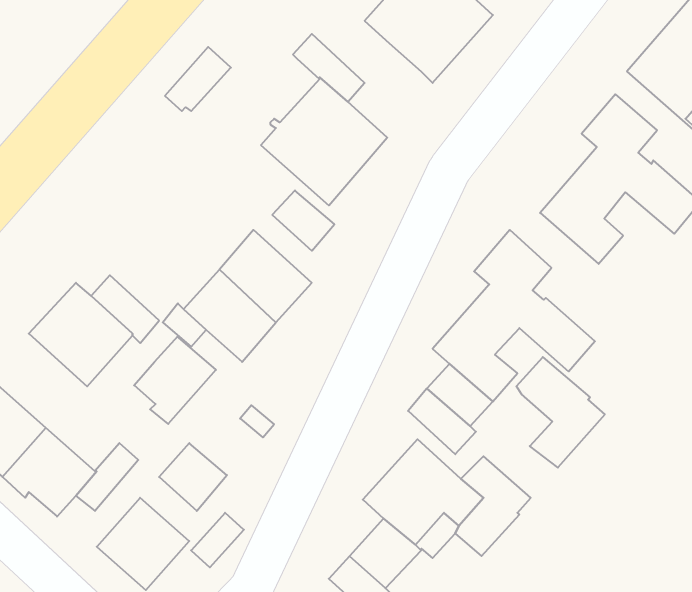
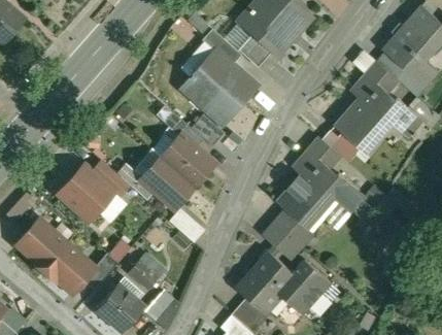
building: none -> [239,34,272,66]
building: [165,47,231,111] -> [180,42,216,77]
building: [134,336,216,424] -> none
building: [516,357,605,468] -> none

